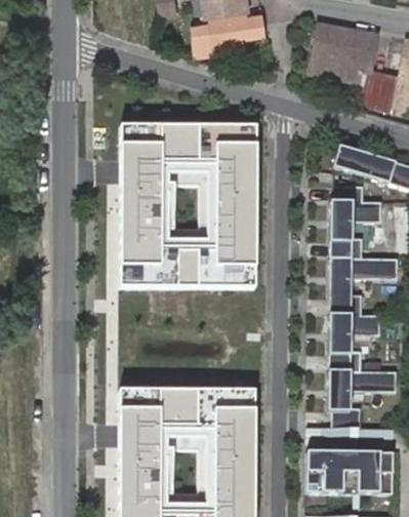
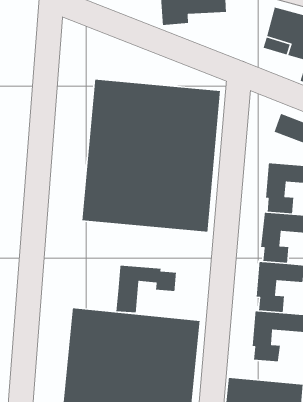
building: none -> [115,265,177,313]

